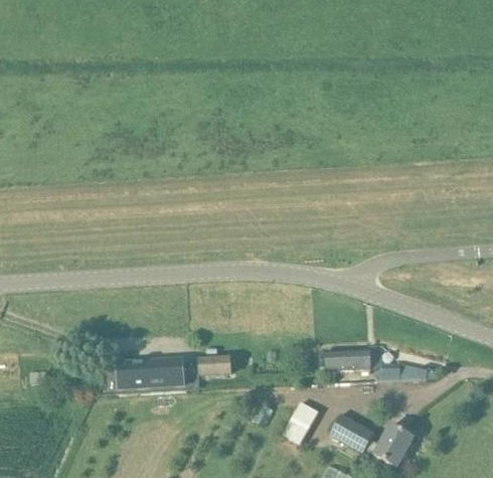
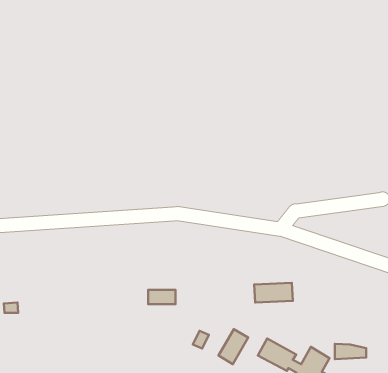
building: [125,358,183,390] -> none
building: [381,362,419,380] -> [335,344,366,359]

